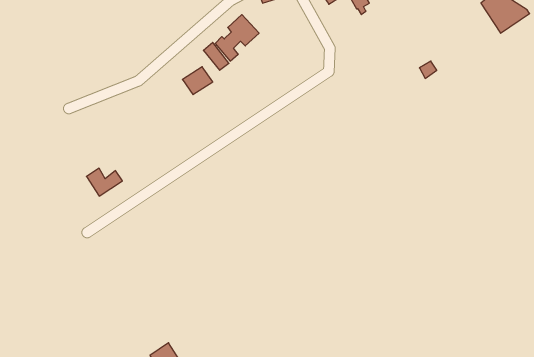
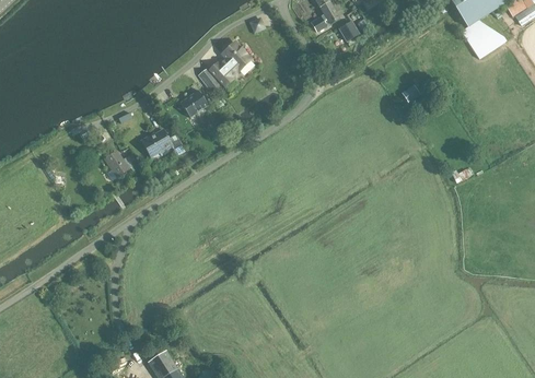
building: none -> [140,128,184,155]
building: [86,168,122,196] -> [104,149,138,175]

